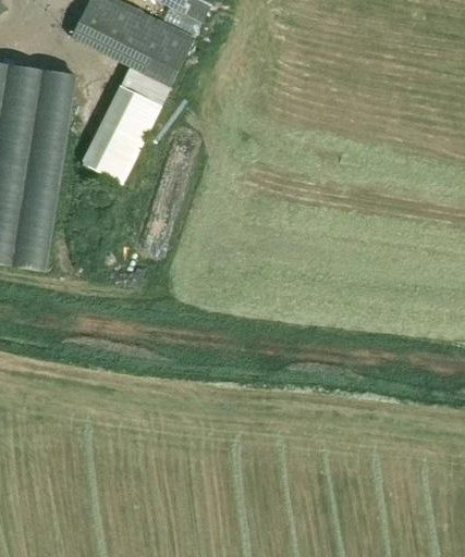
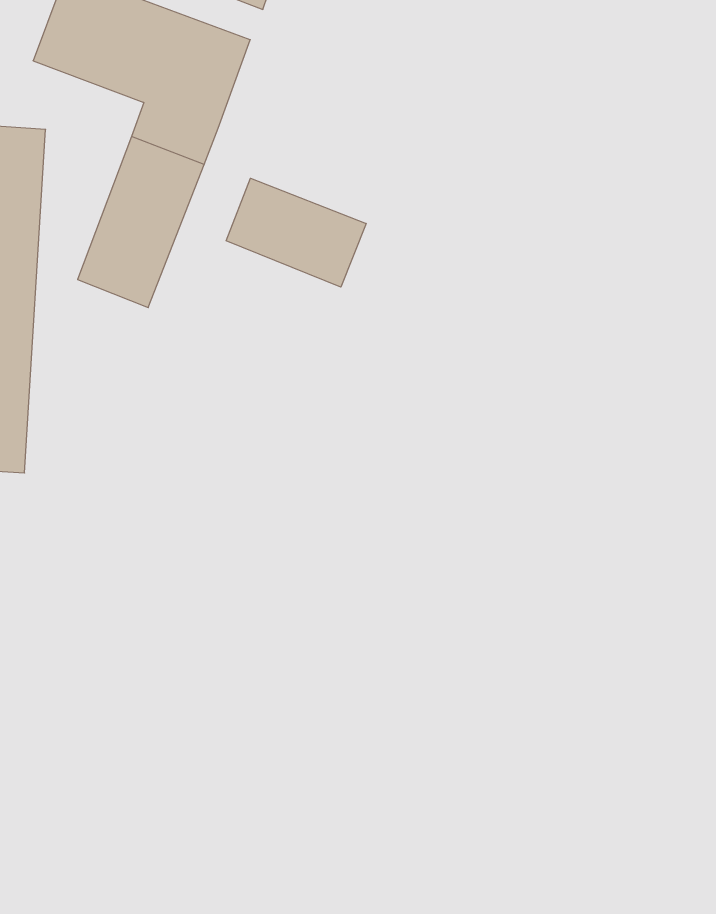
building: none -> [226,178,366,287]

